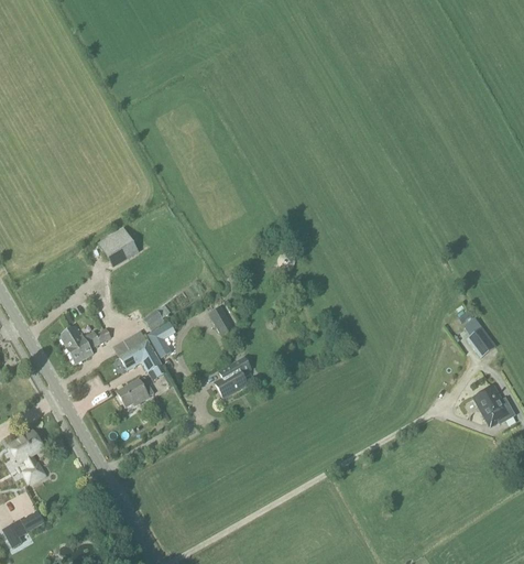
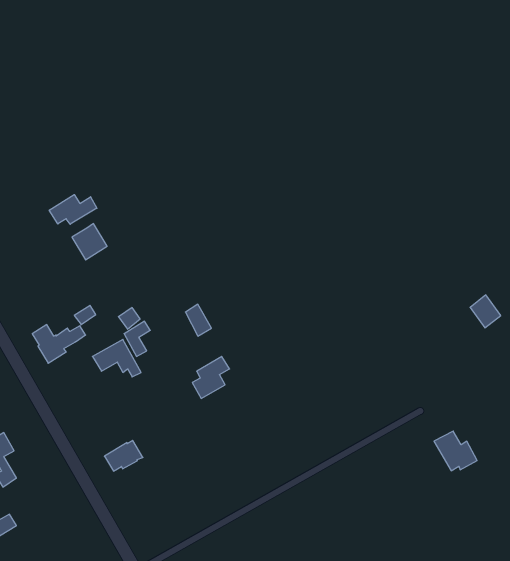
building: none -> [49,195,97,224]
building: [466,325,495,357] -> [470,295,501,328]
building: [117,376,154,405] -> [104,440,143,471]
building: [473,386,515,424] -> [434,431,477,471]

